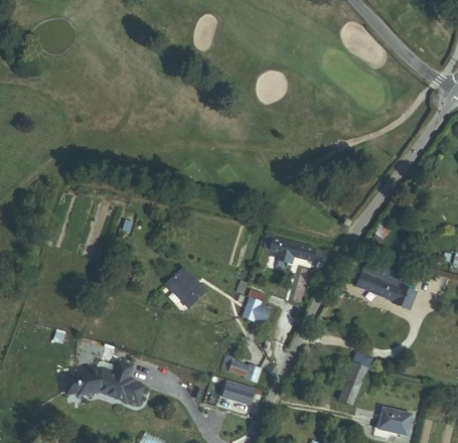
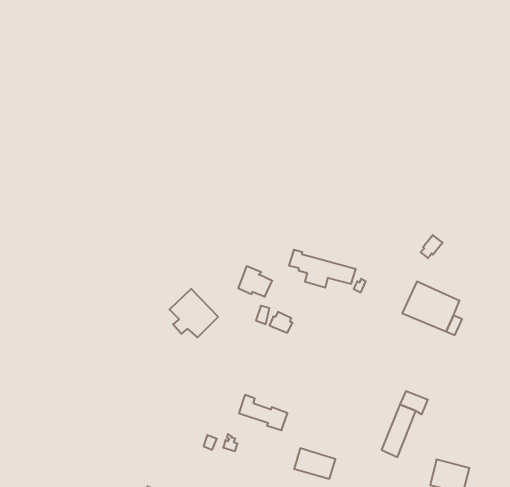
building: [242,298,270,323] -> [238,266,272,297]
building: [64,361,143,403] -> none
building: [222,380,257,405] -> [294,448,336,479]

